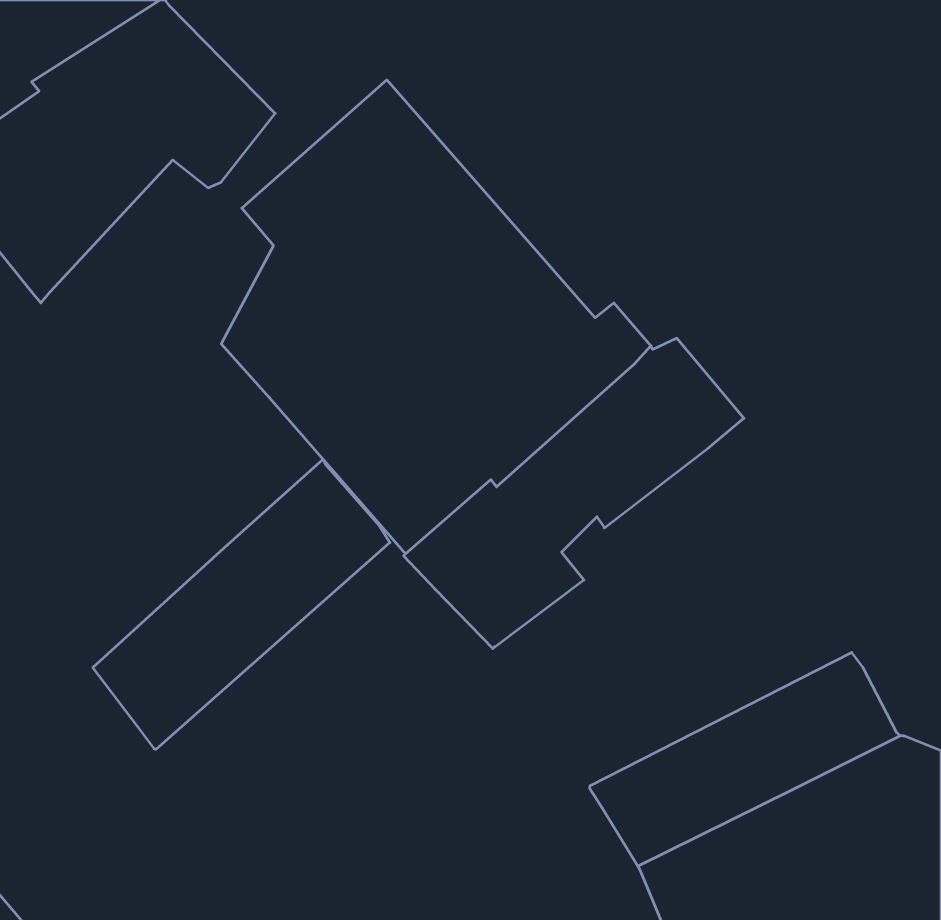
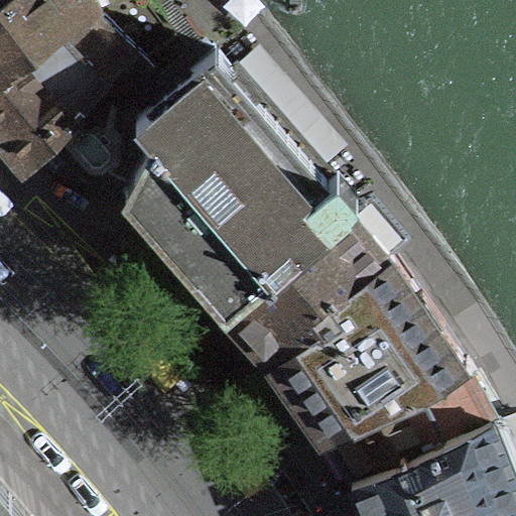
building: none -> [268,258,462,442]
building: [93,459,390,749] -> none

